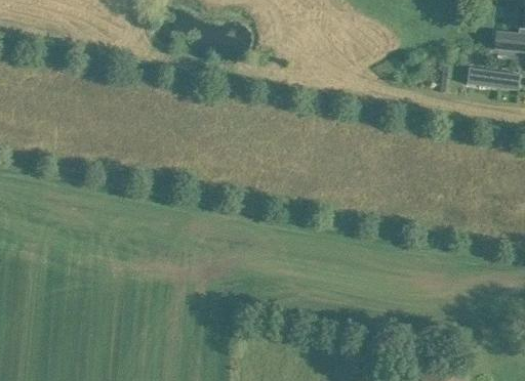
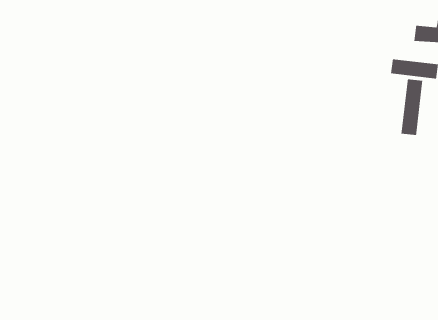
building: none -> [401,79,423,136]

